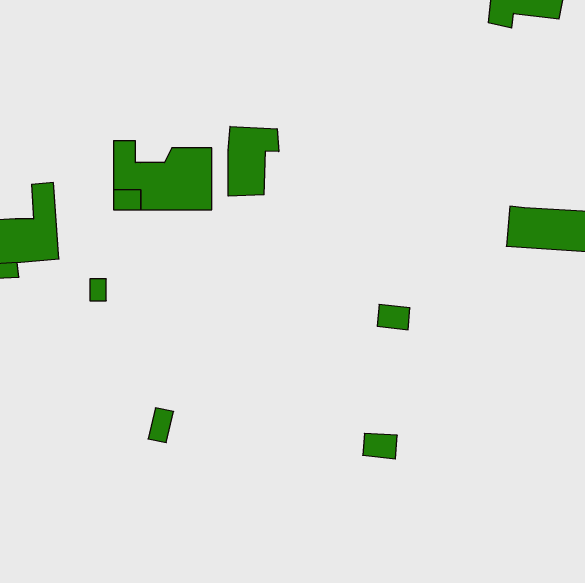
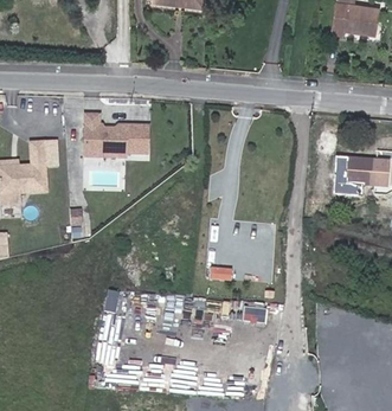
building: [228,126,279,196] -> none

